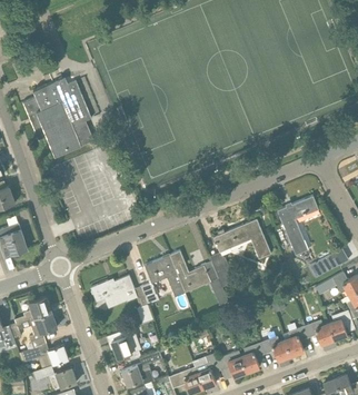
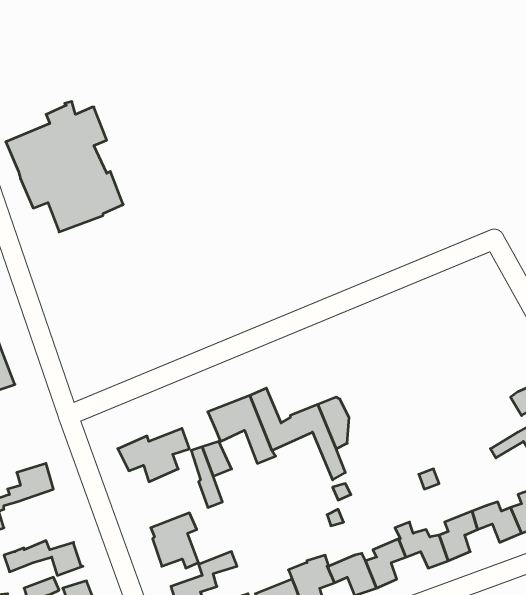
building: [277,196,318,255] -> none
building: [213,219,271,259] -> none
building: [29,313,57,349] -> none

